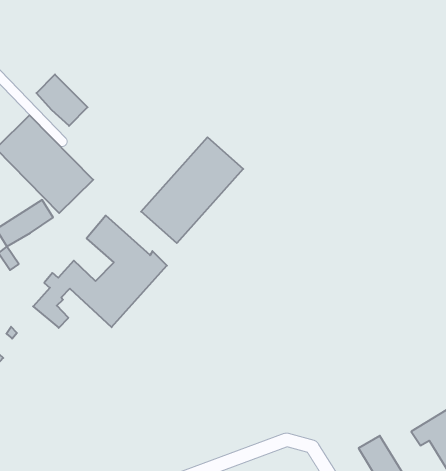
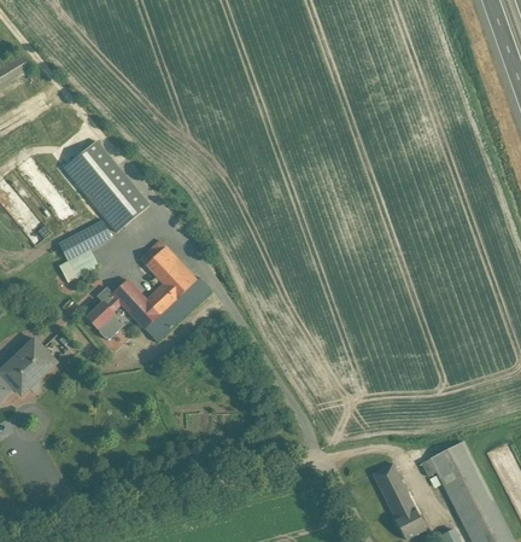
building: [36,74,88,126] -> none
building: [141,137,243,243] -> none

